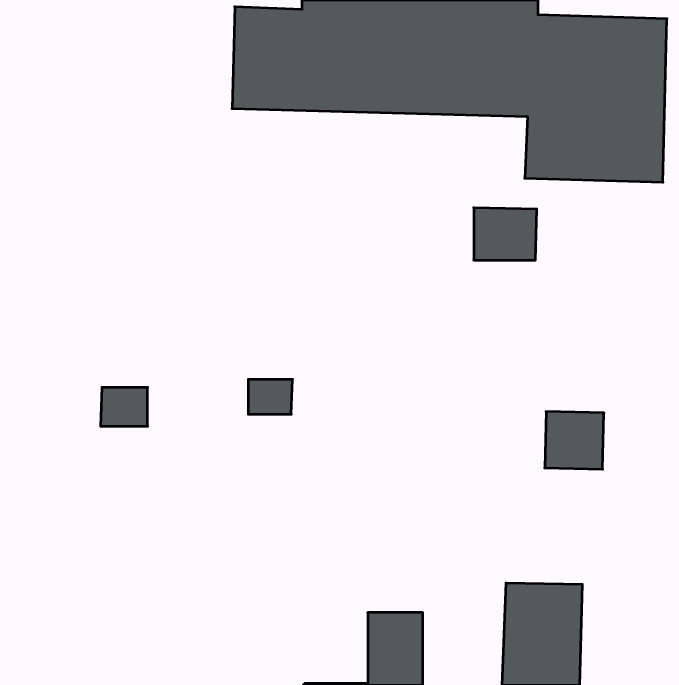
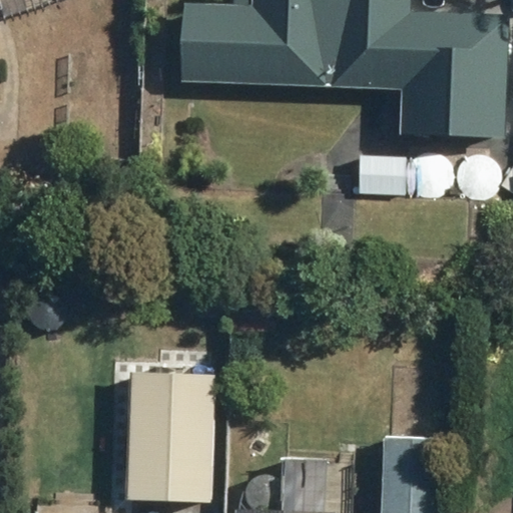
building: none -> [134,371,222,503]

